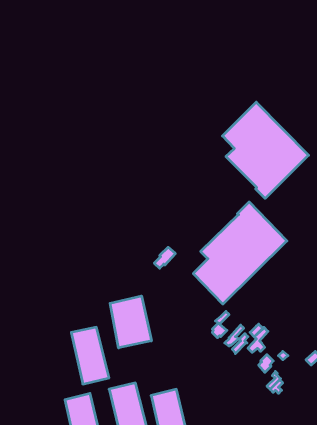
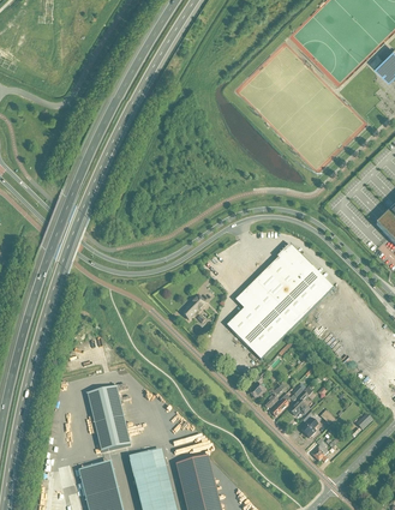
building: [222,102,309,198] -> none
building: [110,296,151,348] -> none

